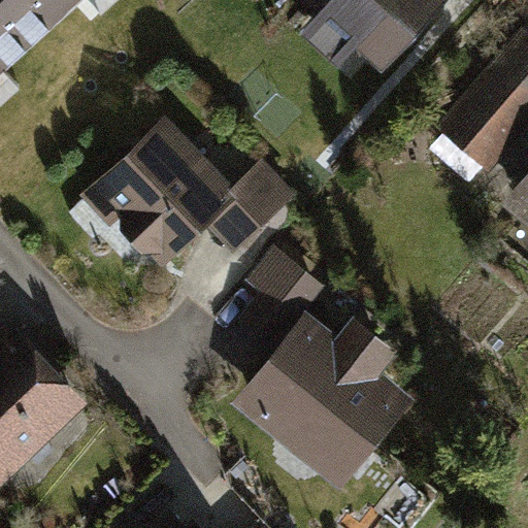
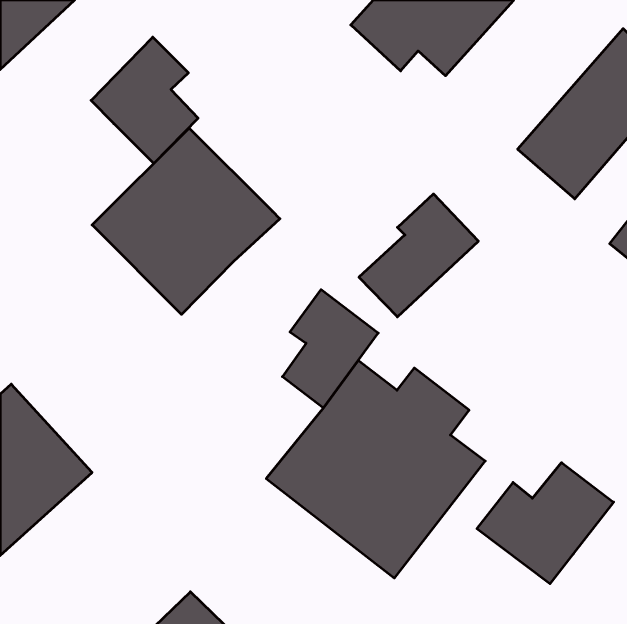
building: none -> [91,37,198,163]
building: [201,157,300,259] -> [359,194,478,317]
building: none -> [477,463,614,584]

